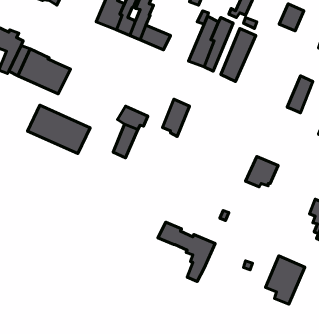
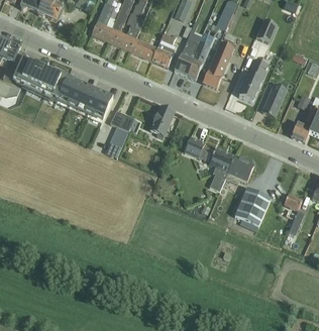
building: none -> [151,32,176,68]
building: none -> [238,59,269,102]
building: [27,105,90,153] -> [57,78,113,121]
building: [158,222,215,282] -> [184,137,235,191]
building: [265,256,305,304] -> [235,188,271,231]

